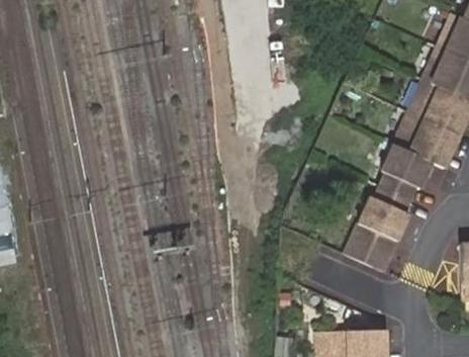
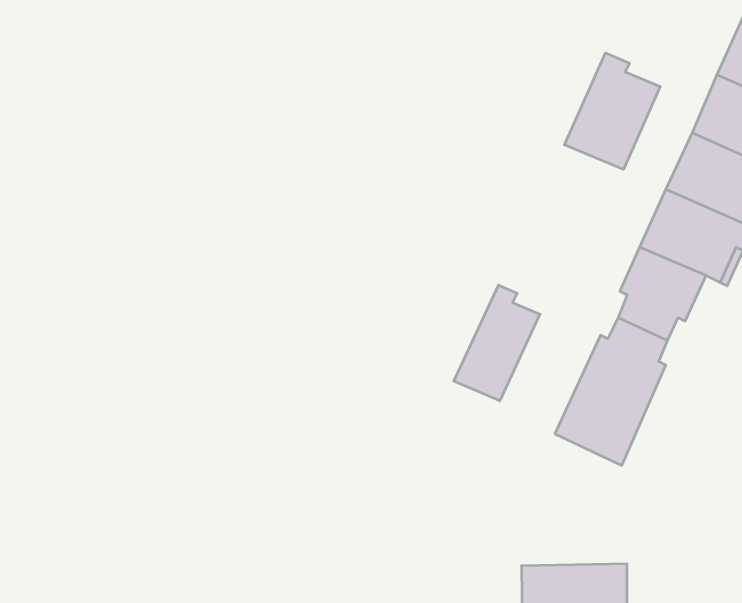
building: none -> [564,53,660,169]
building: none -> [454,285,540,401]

